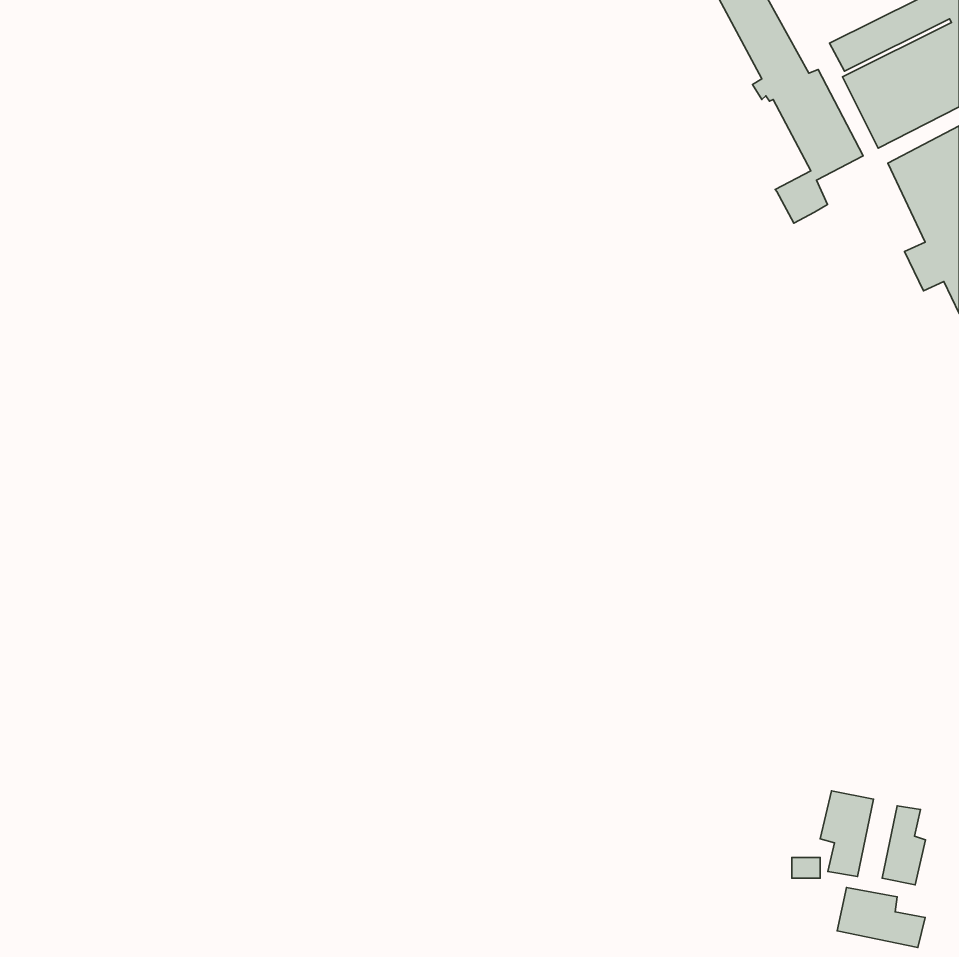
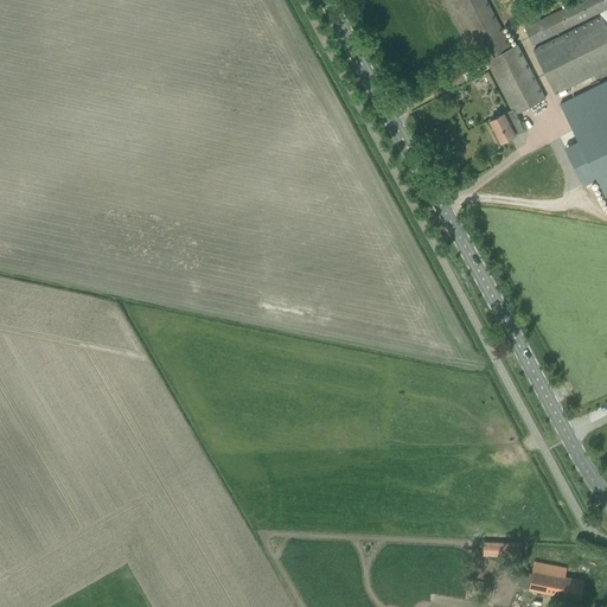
building: [820,791,874,876] -> none
building: [882,806,925,885] -> none

